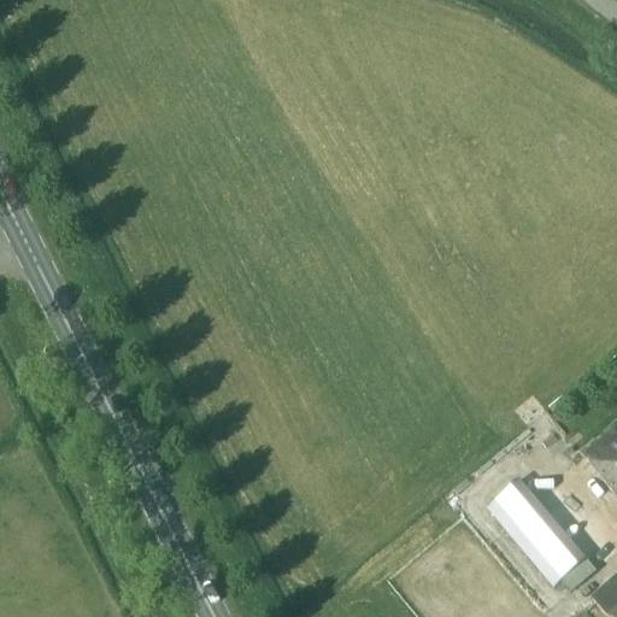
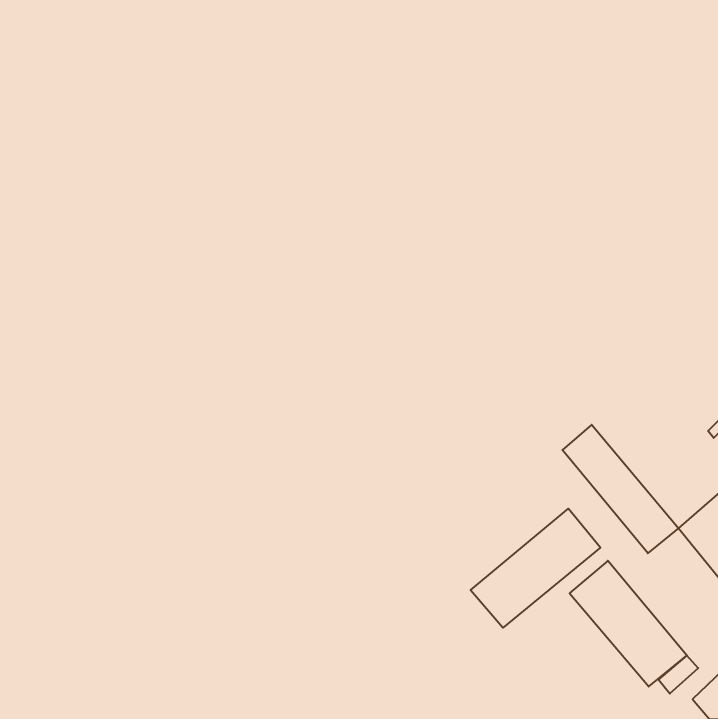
building: none -> [562,425,678,553]
building: none -> [471,509,600,628]

